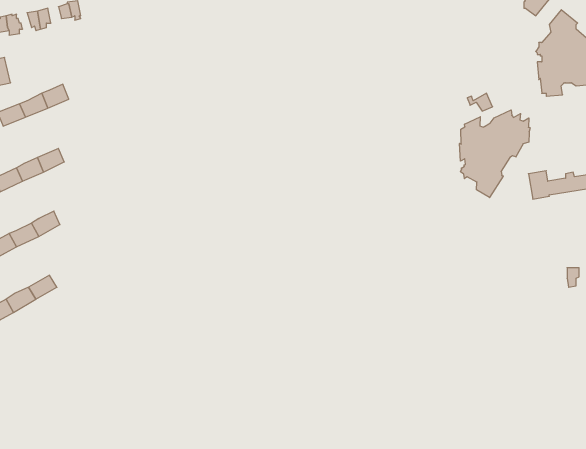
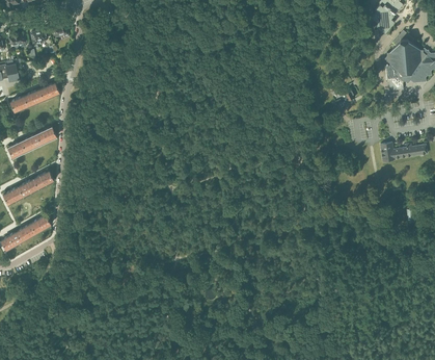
building: [460,110,530,198] -> none

